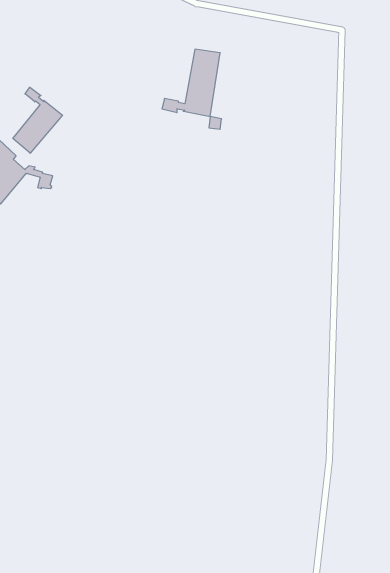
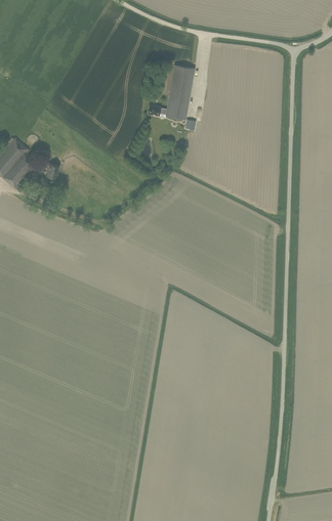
building: [13,87,62,153] -> none

